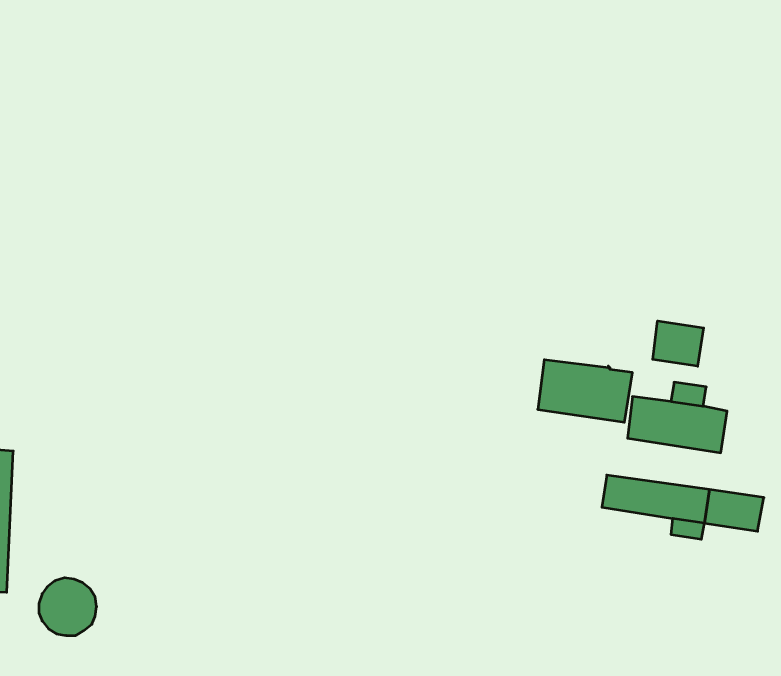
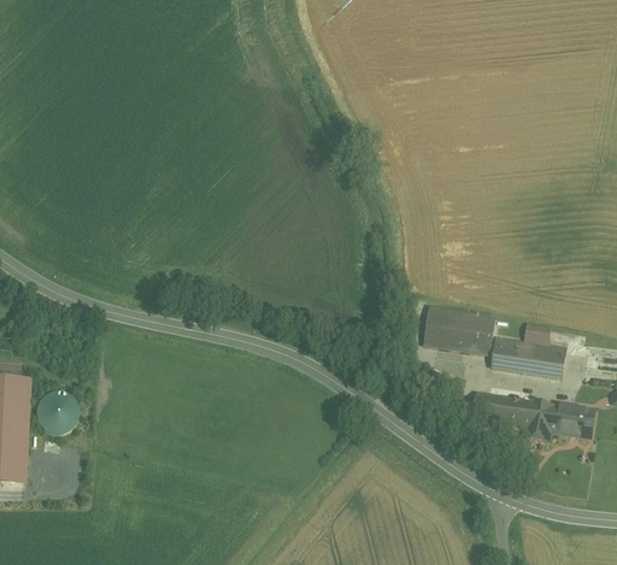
building: [653,321,704,366] -> none
building: [39,578,97,635] -> [34,390,77,434]

